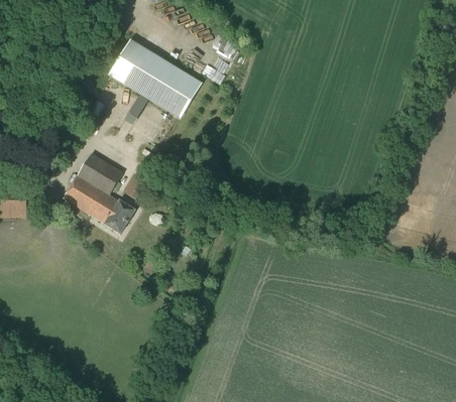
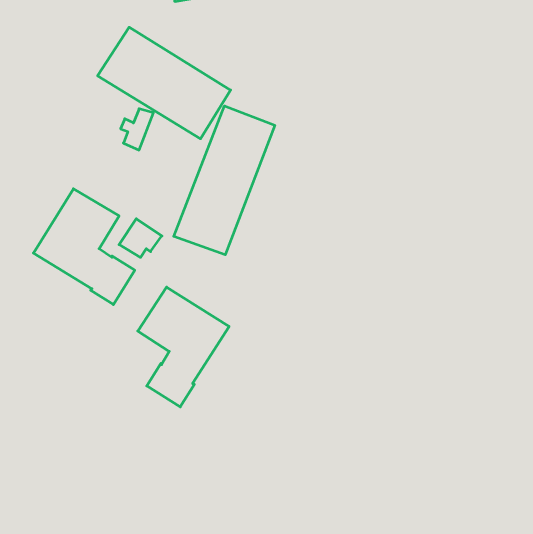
building: none -> [174,106,275,255]
building: none -> [138,287,229,407]

